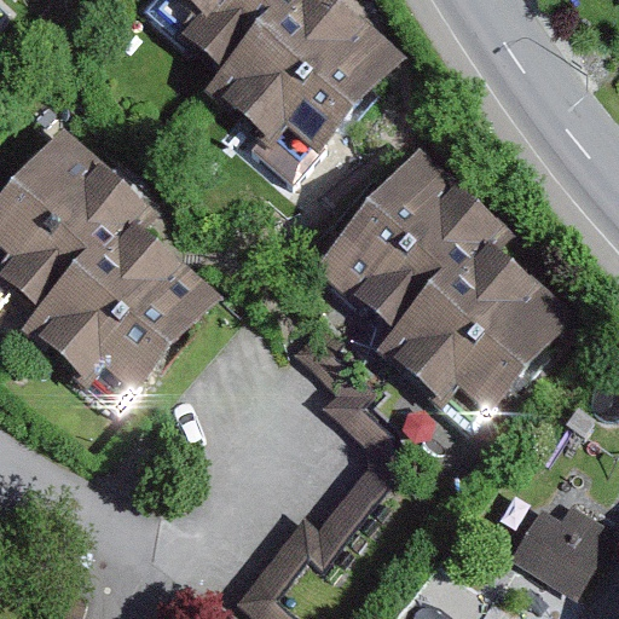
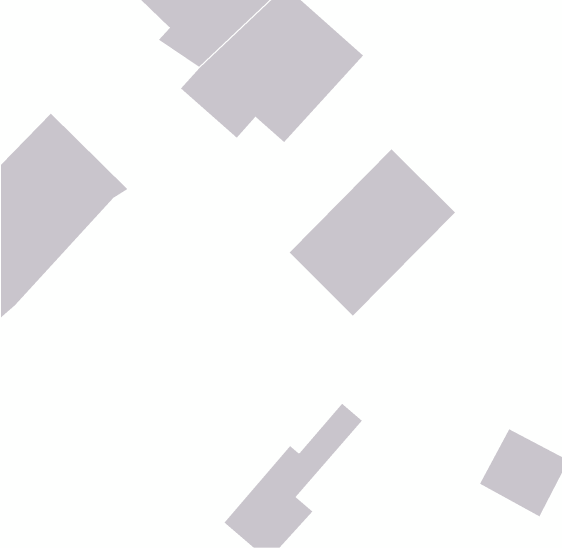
building: [21,216,219,398] -> none
building: [388,237,583,407] -> none

